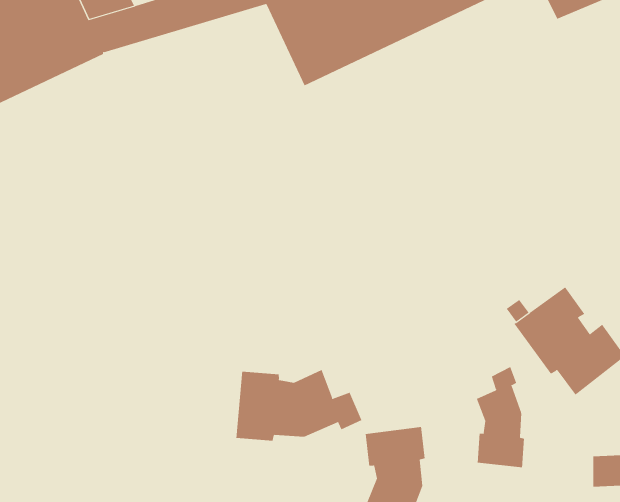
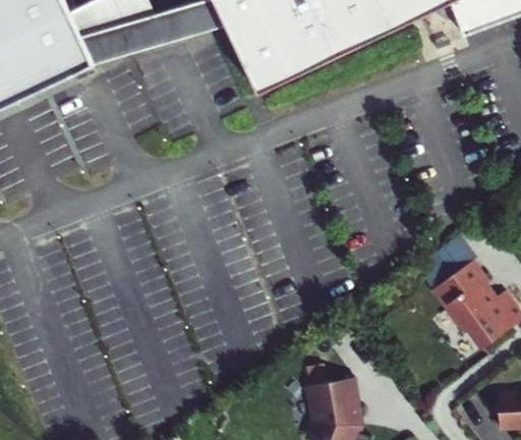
building: [476,366,525,468] -> none
building: [236,369,362,441] -> none

